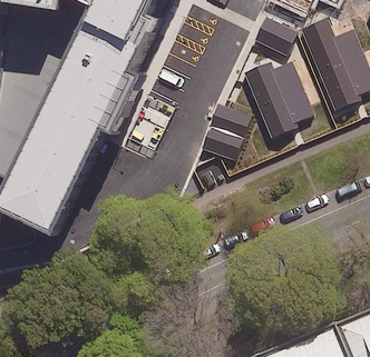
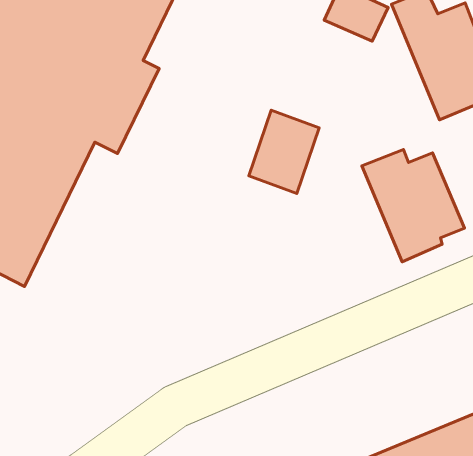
building: [243,61,314,139] -> [362,150,465,262]

